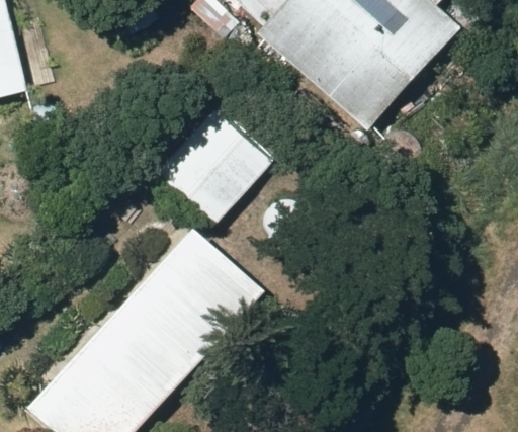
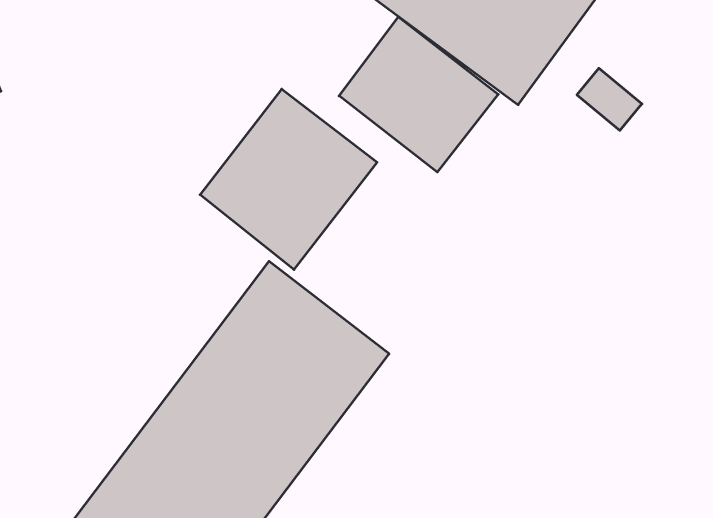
building: none -> [339,17,498,172]

